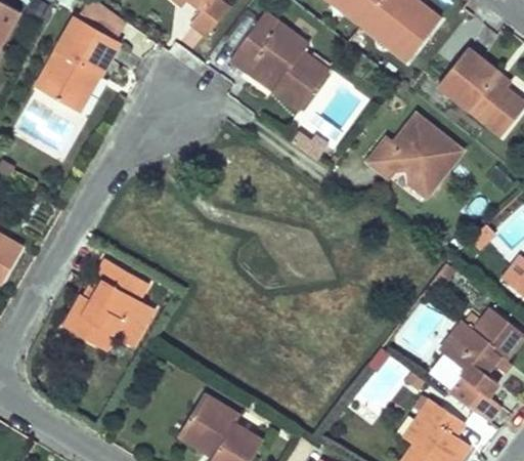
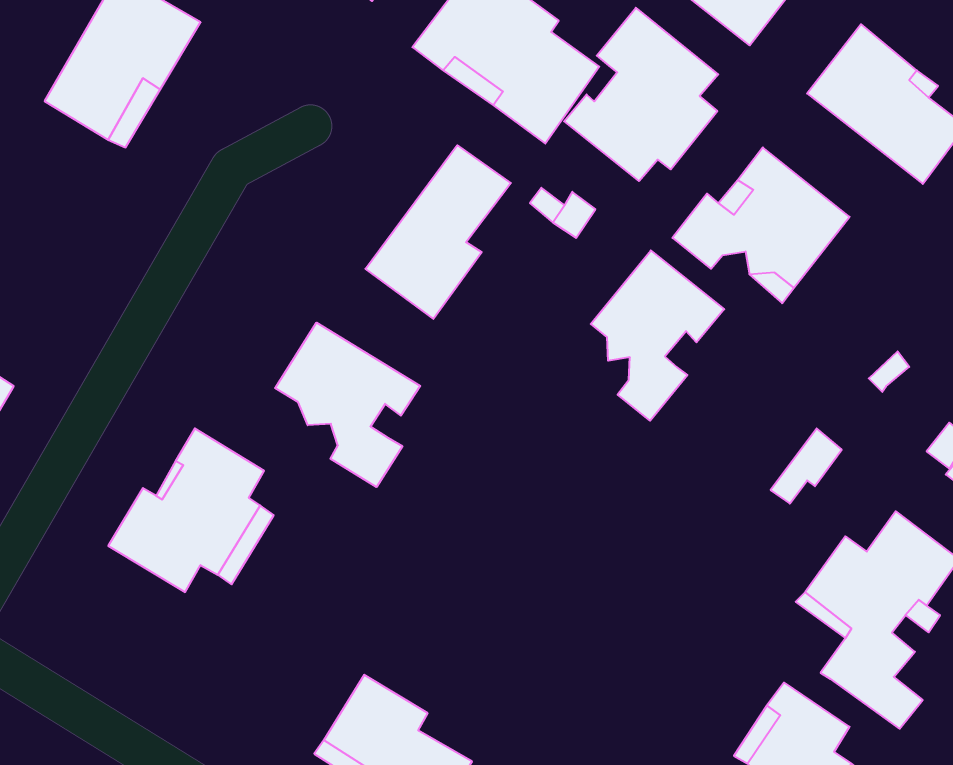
building: none -> [564,8,718,181]
building: none -> [365,145,511,319]
building: none -> [591,250,724,421]
building: none -> [275,323,420,487]

